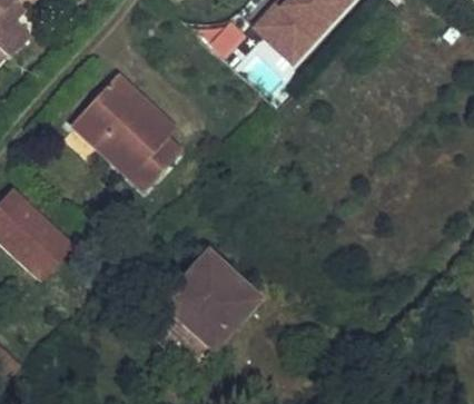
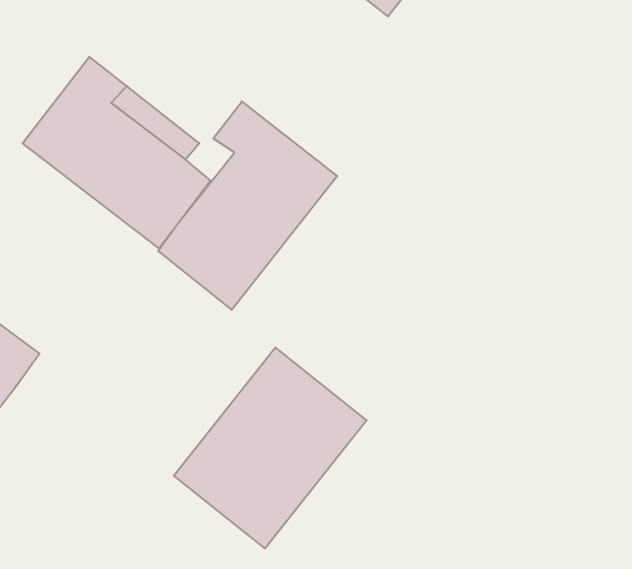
building: none -> [158,101,337,310]

